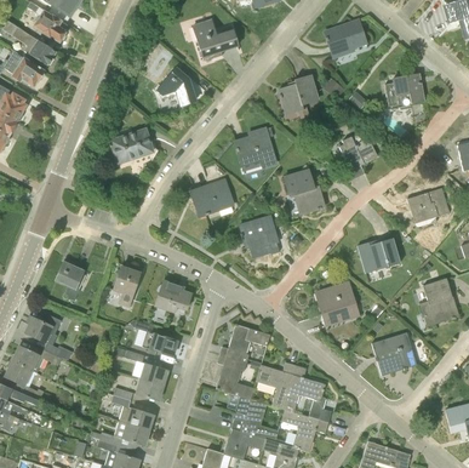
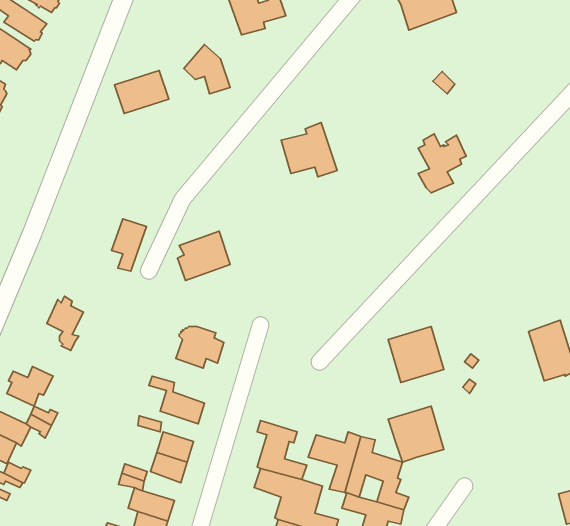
building: [384,73,424,105] -> none
building: [278,76,318,115] -> none
building: [110,130,151,162] -> [115,71,169,114]
building: [281,169,324,213] -> none
building: [193,179,233,217] -> [178,231,230,280]
building: [406,188,448,228] -> none
building: [239,215,280,257] -> none
building: [356,238,399,273] -> none
building: [113,267,139,307] -> [112,219,147,271]
building: [218,324,269,363] -> none
building: [373,332,416,375] -> [388,406,444,462]

